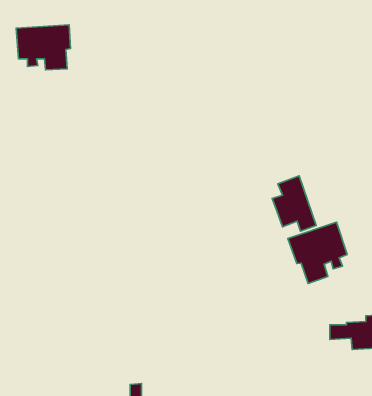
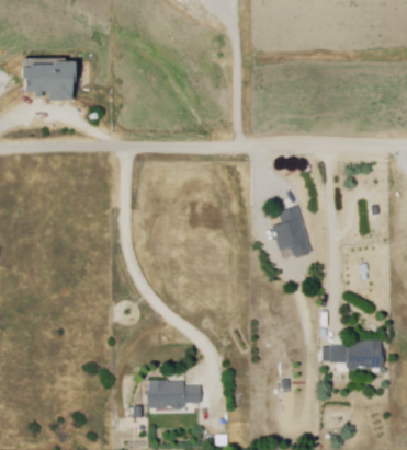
building: [288,222,347,283] -> none
building: none -> [148,378,203,407]

